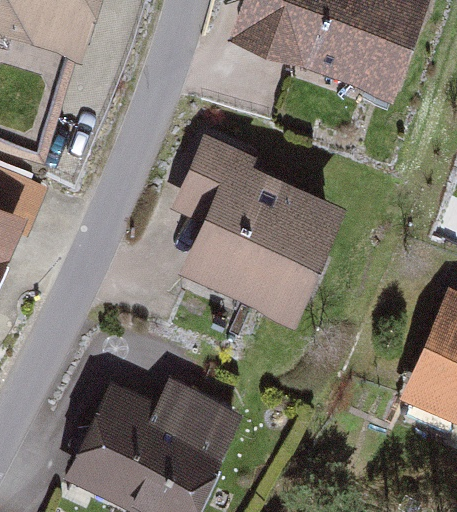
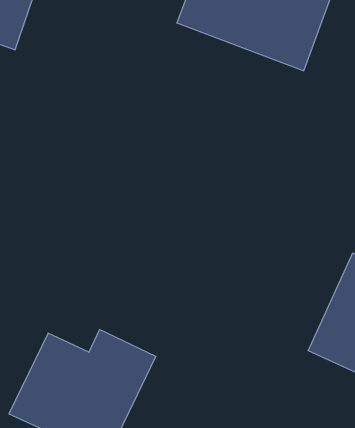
building: [187,138,345,312] -> none

